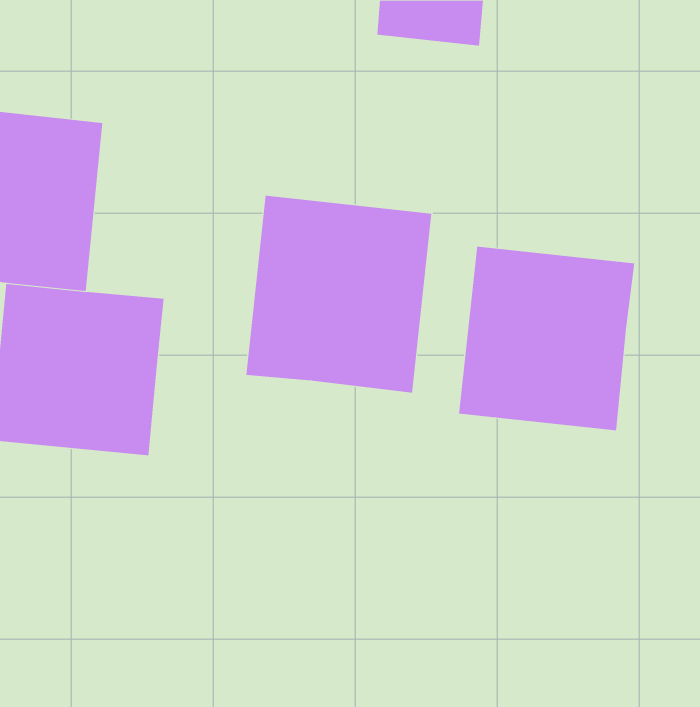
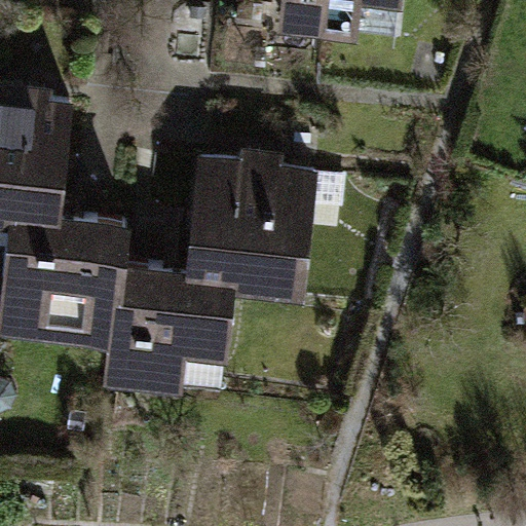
building: [458,246,635,431] -> none
building: none -> [106,274,229,401]

